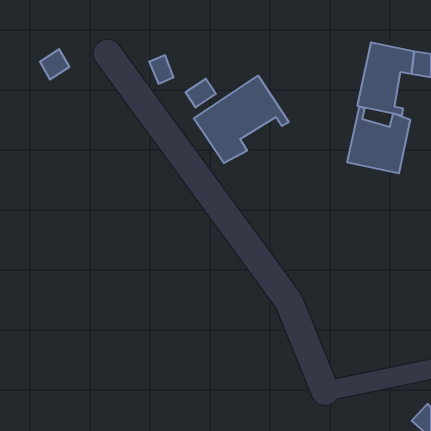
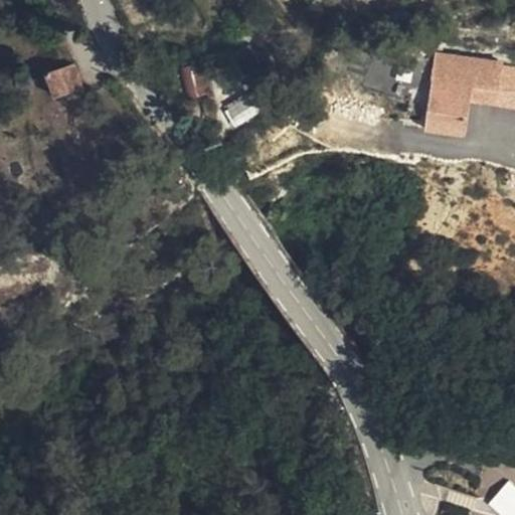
building: [194,76,289,163] -> none
building: [347,107,410,173] -> none

